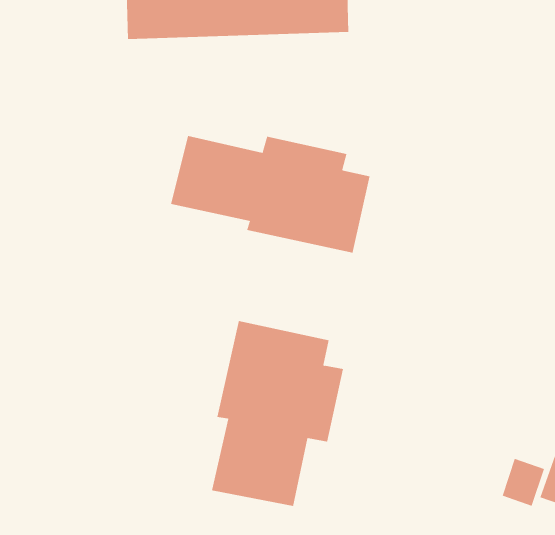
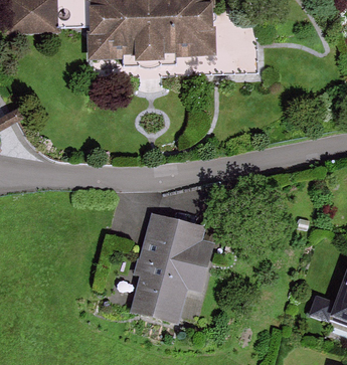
building: [170,135,370,254] -> none

